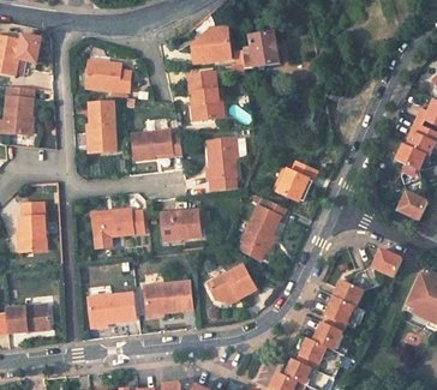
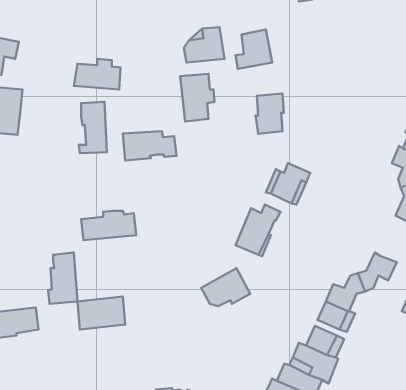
building: [208,139,235,179] -> [256,93,284,134]
building: [17,200,46,251] -> [48,252,78,304]
building: [160,211,199,238] -> none
building: [142,280,190,313] -> none

